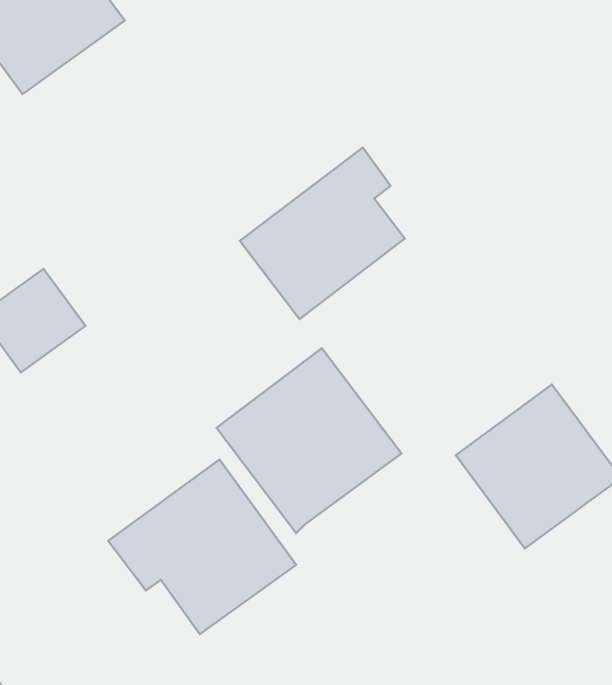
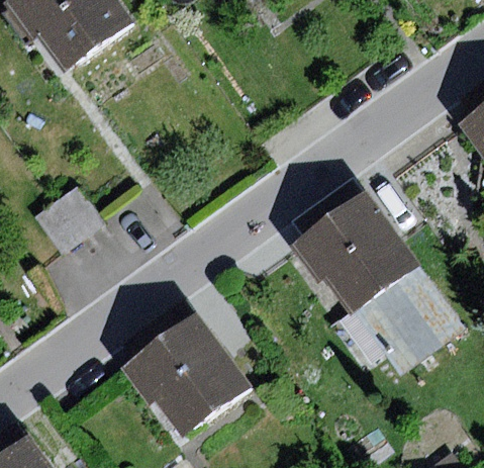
building: [240,147,405,319] -> none
building: [217,348,402,533] -> [294,193,418,317]

